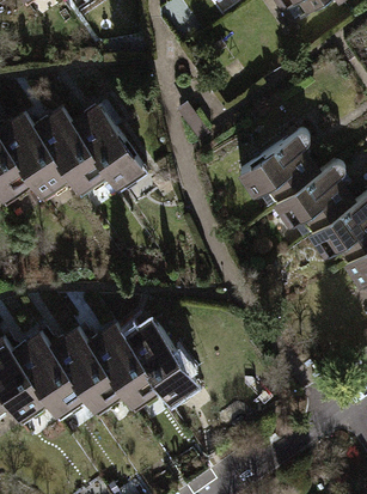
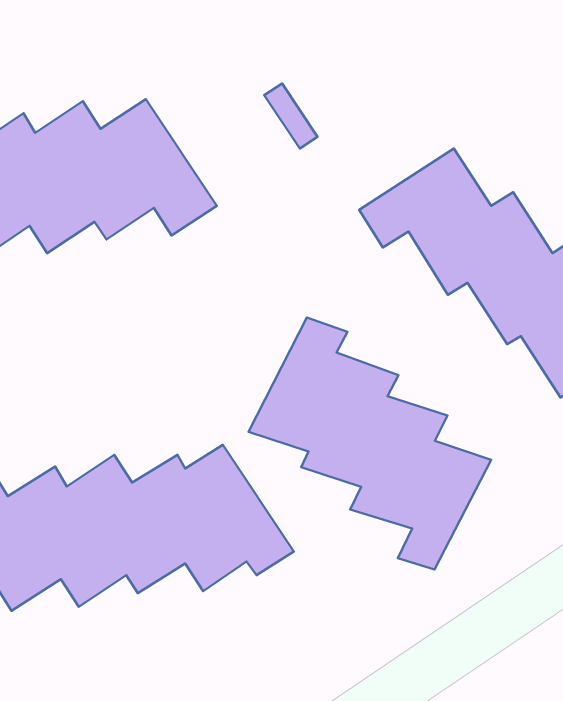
building: none -> [248,318,491,570]

